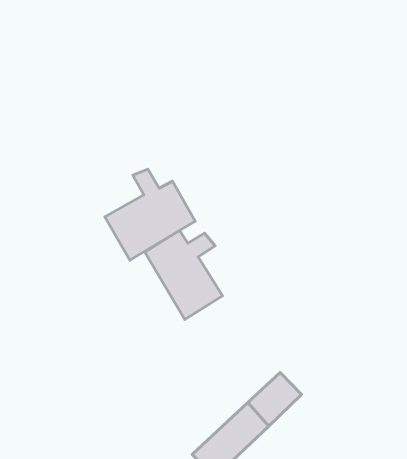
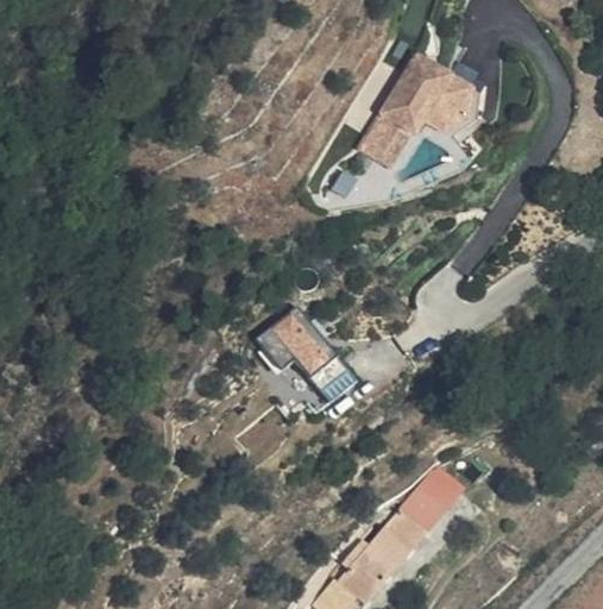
building: none -> [359,52,476,165]
building: [105,169,195,260] -> none

